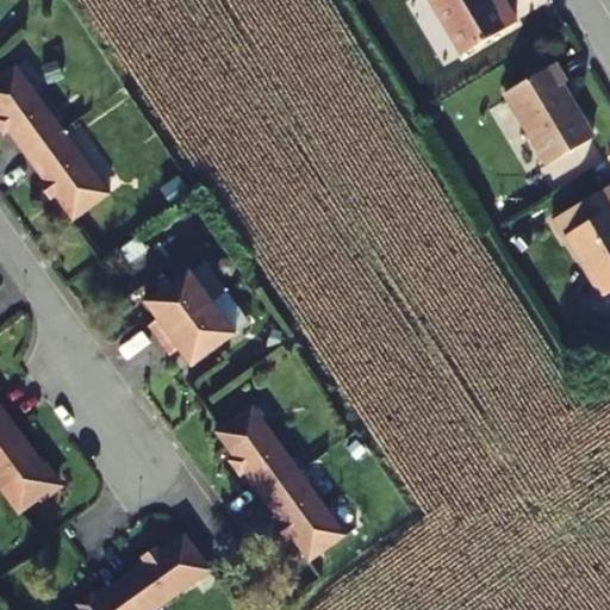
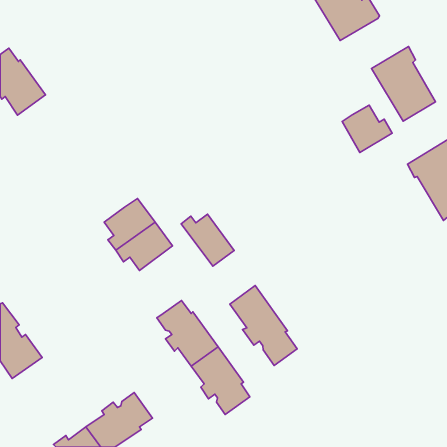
building: [25,129,107,220] -> none
building: none -> [342,105,392,152]
building: none -> [181,214,234,266]
building: none -> [230,286,297,366]

